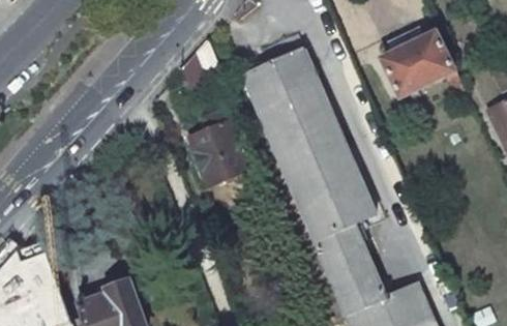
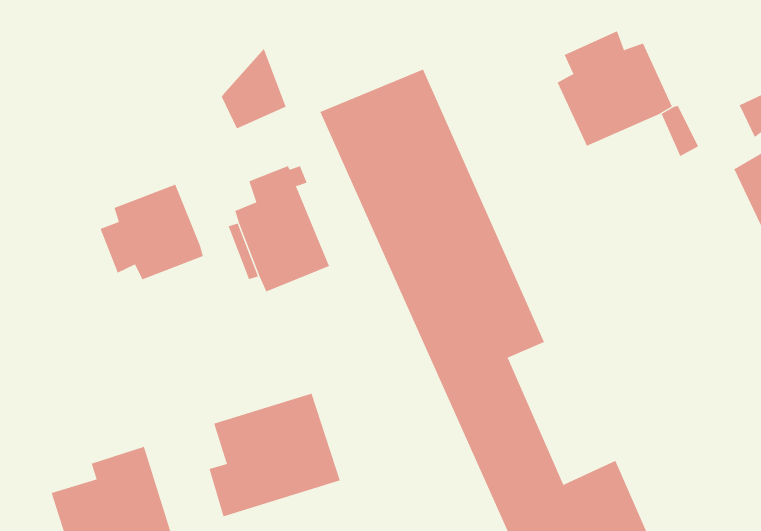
building: none -> [100,184,203,280]
building: none -> [209,393,341,517]

